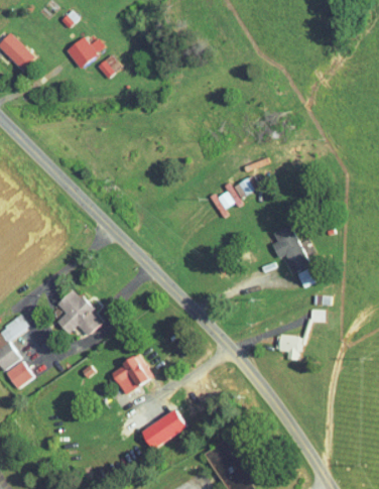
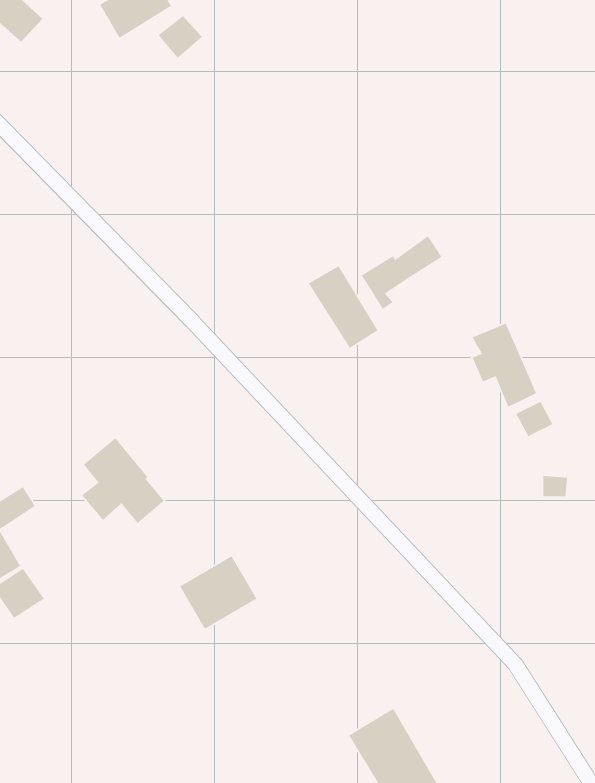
building: none -> [308,265,378,349]
building: [276,335,301,361] -> none
building: [139,409,185,451] -> none

